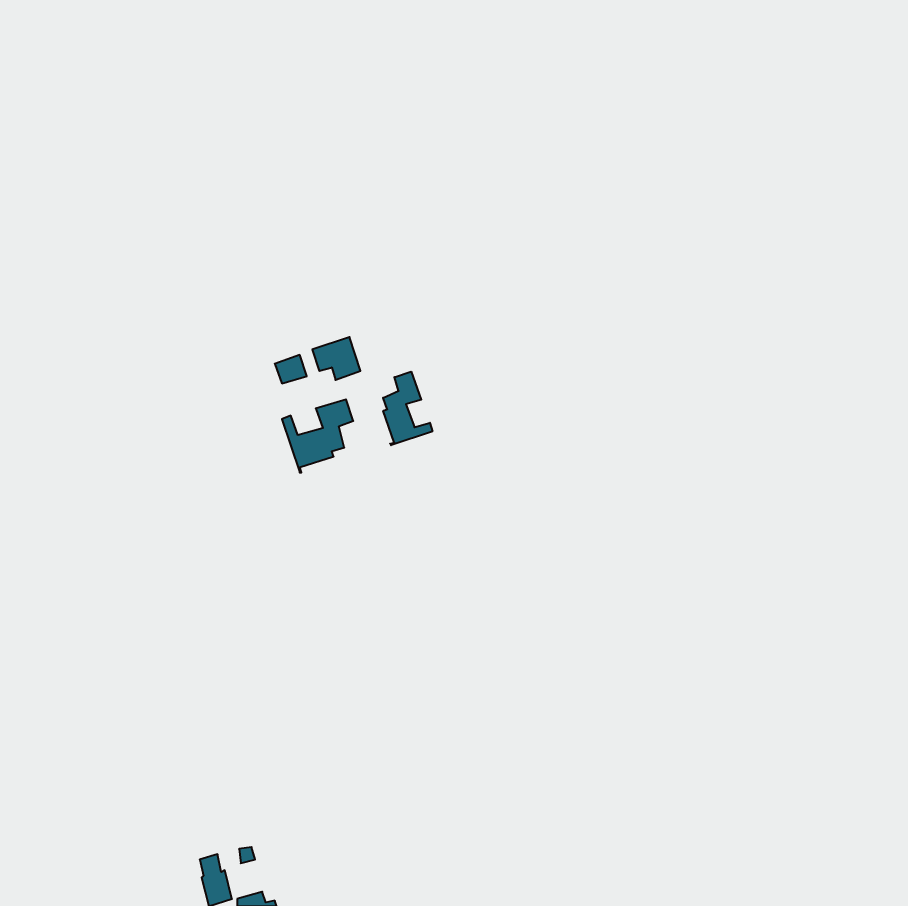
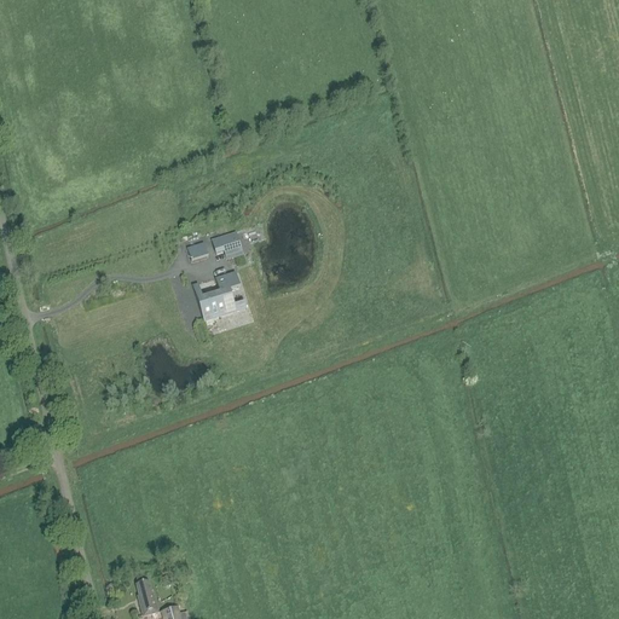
building: [383,372,432,445] -> none

